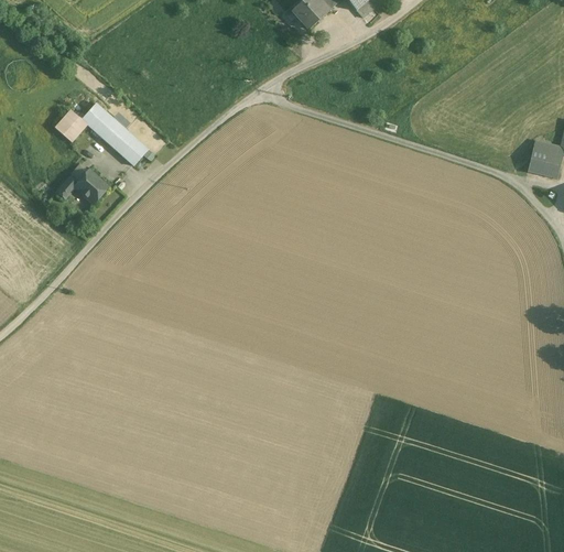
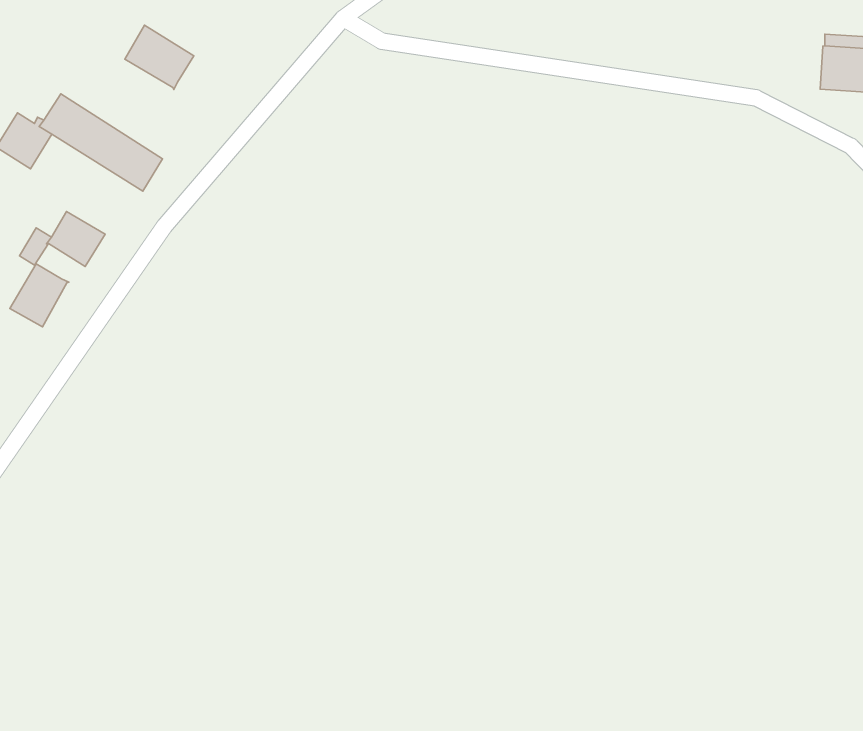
building: none -> [125,25,194,90]
building: none -> [10,264,69,327]

